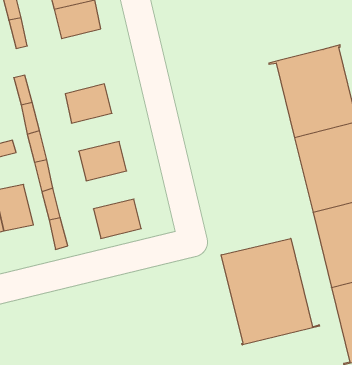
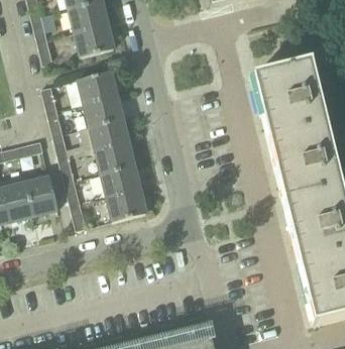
building: none -> [78,71,116,102]
building: none -> [89,118,128,149]
building: none -> [101,165,140,197]
building: [221,238,320,345] -> none

